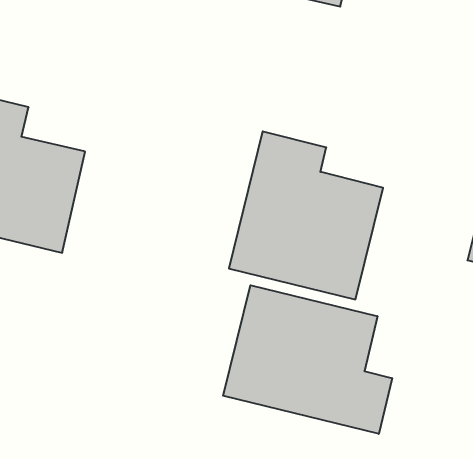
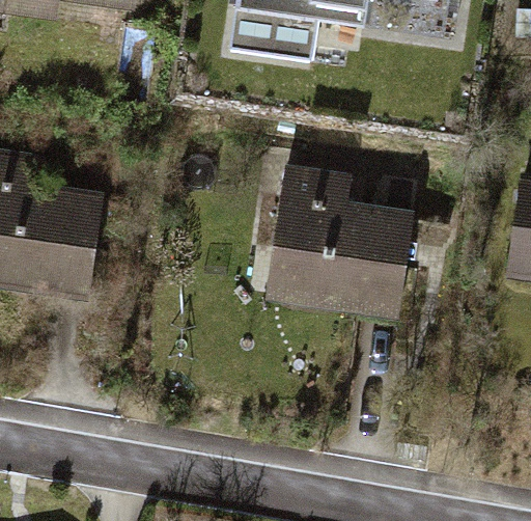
building: [223,285,392,434] -> none

